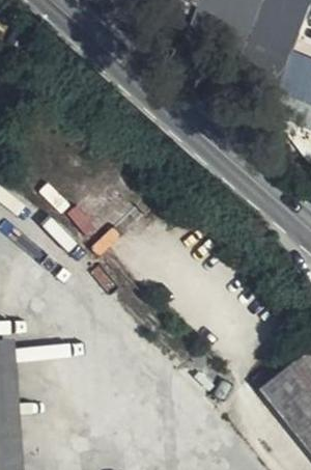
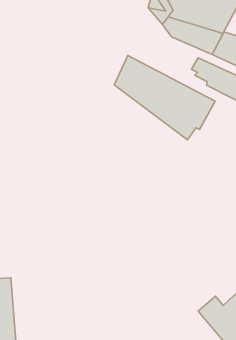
building: none -> [114,56,215,140]

